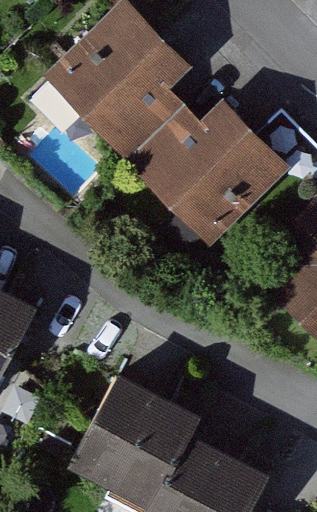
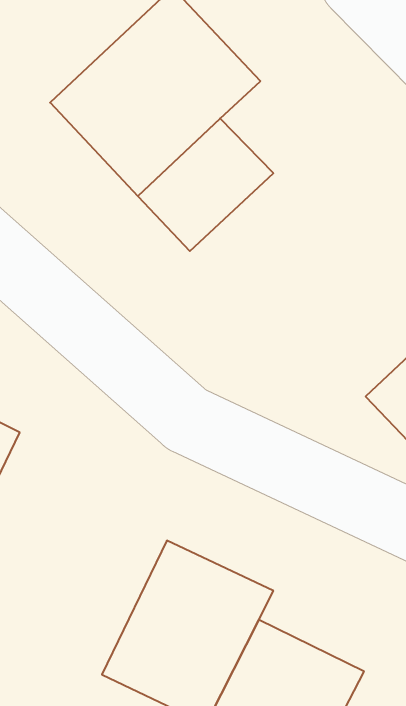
building: [143,101,288,244] -> none

